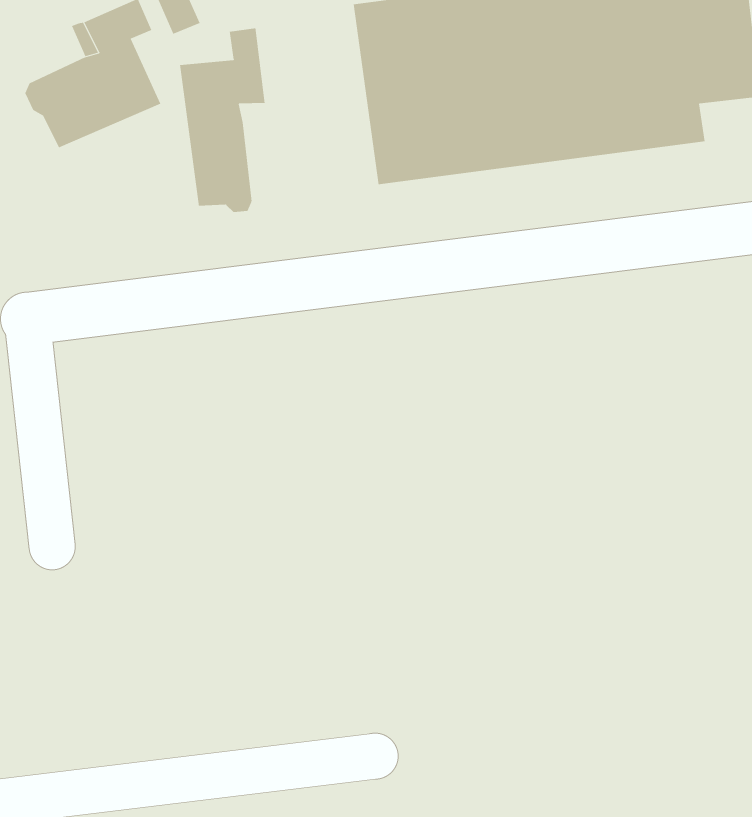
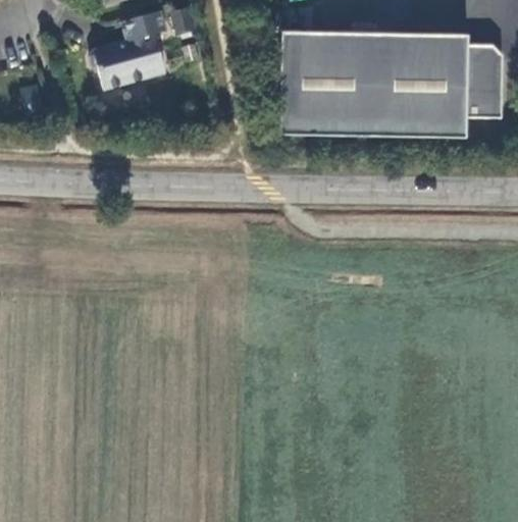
building: [180,27,265,213] -> none

